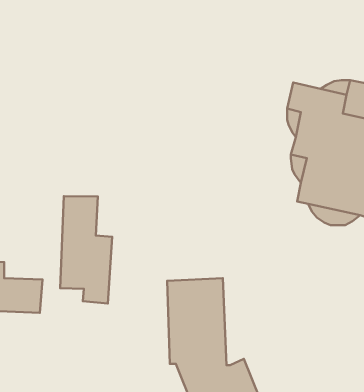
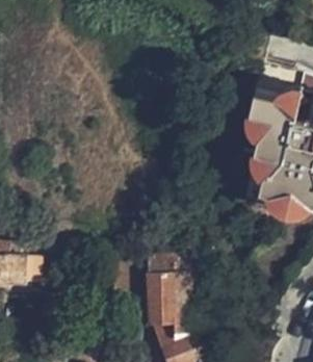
building: [60,196,112,303] -> none

